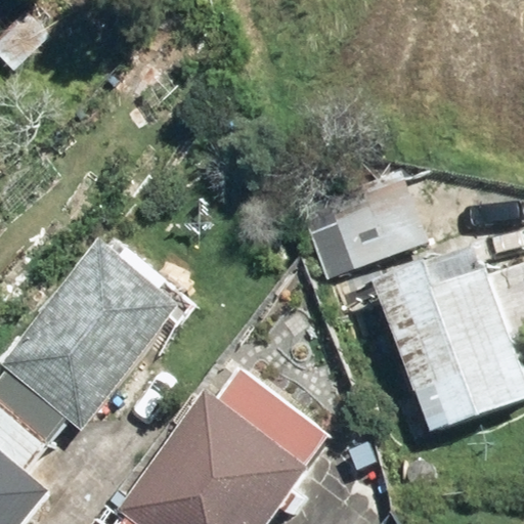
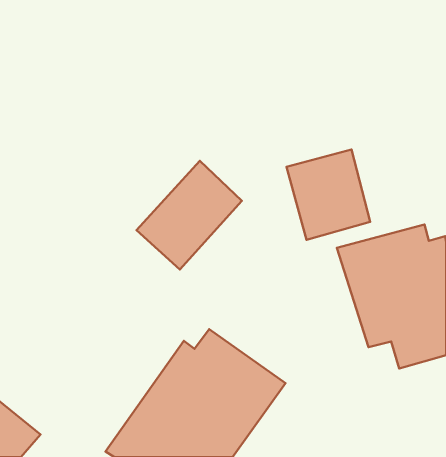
building: none -> [136,161,242,270]
building: [5,235,198,433] -> none

